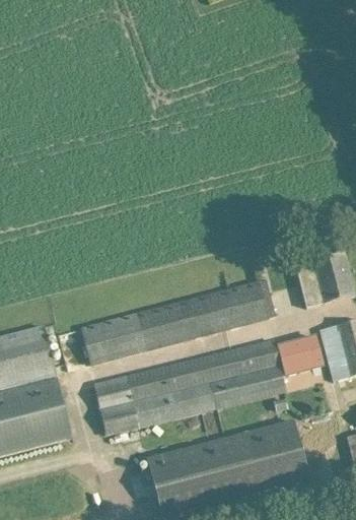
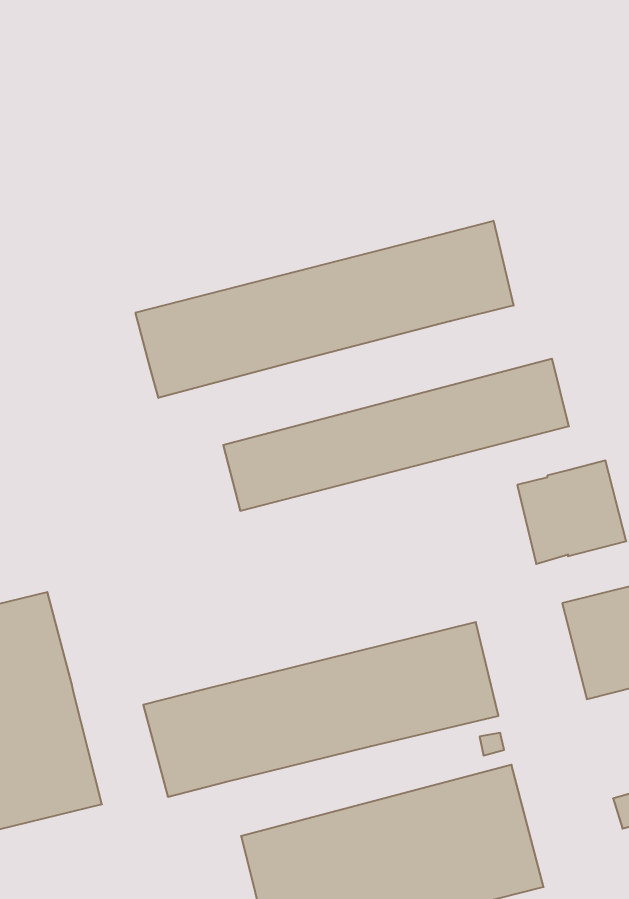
building: none -> [136,221,514,398]
building: [81,281,268,364] -> [223,359,569,511]
building: [278,336,322,374] -> none

